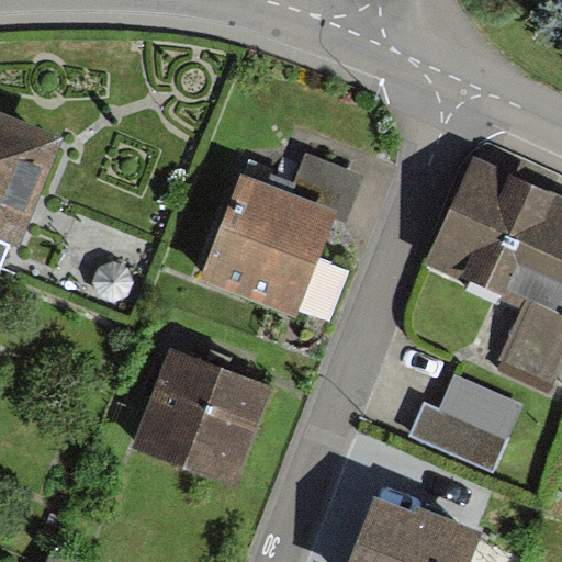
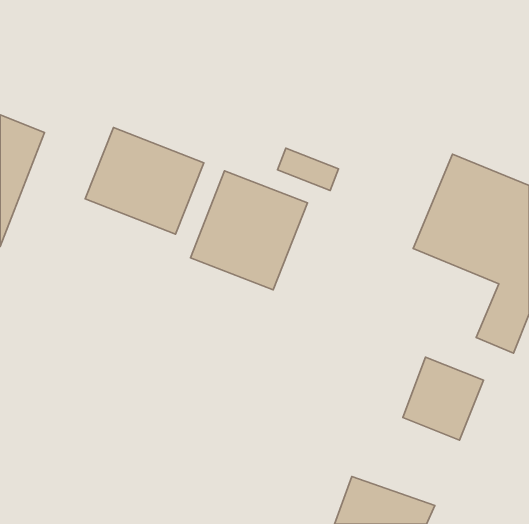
building: none -> [85,127,204,234]
building: [142,357,272,476] -> none

